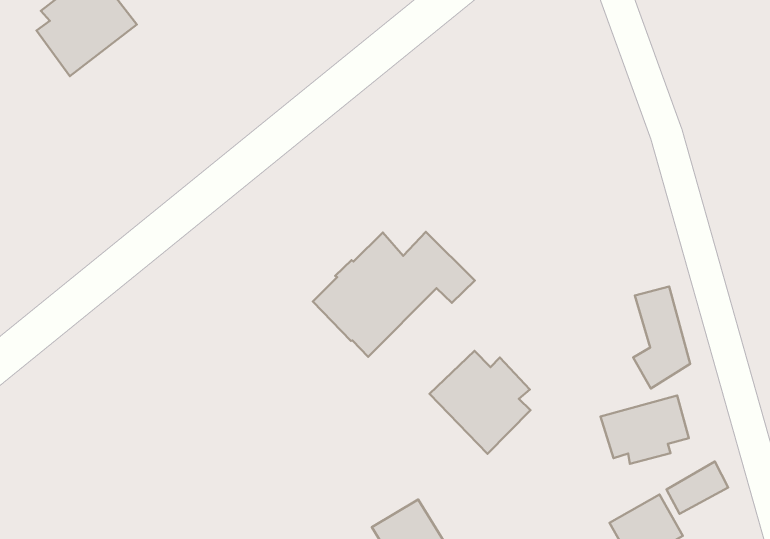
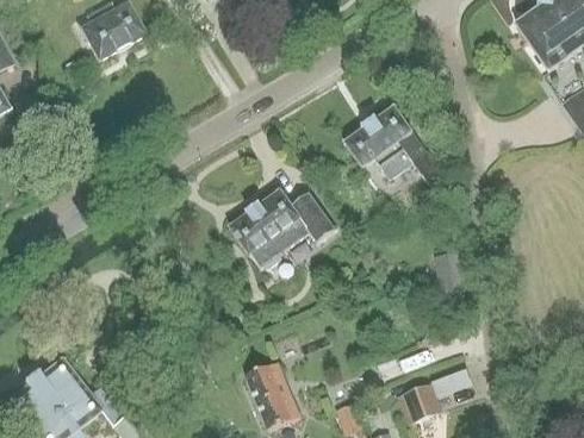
building: none -> [346,106,443,182]
building: [429,351,531,454] -> none
building: [601,396,689,464] -> none

